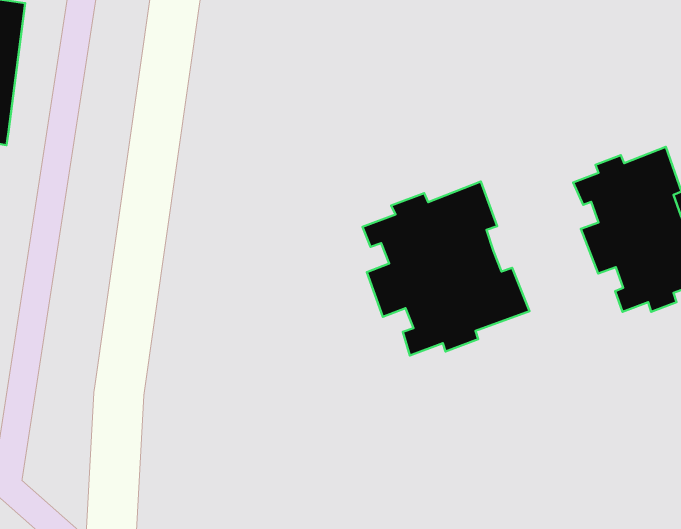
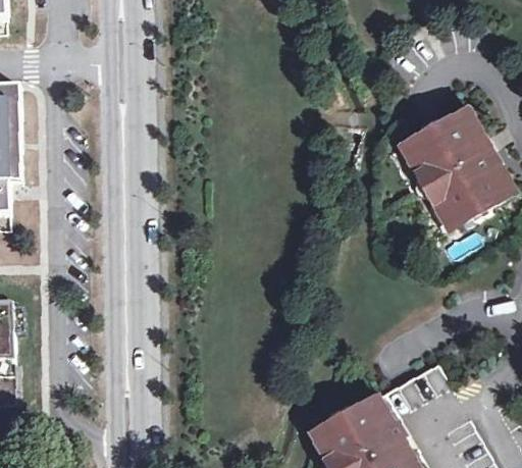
building: [362,181,530,356] -> none

